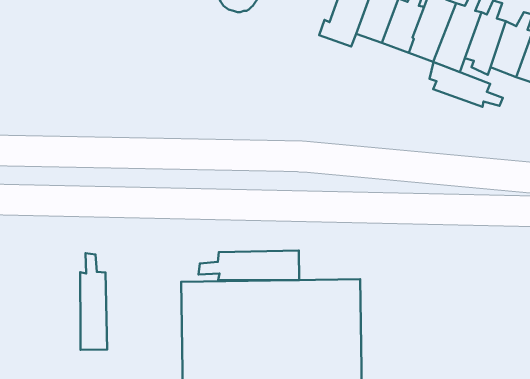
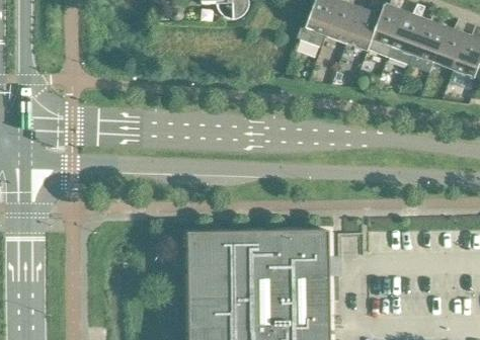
building: [430,62,503,107] -> none
building: [198,251,299,280] -> none
building: [80,253,107,350] -> none

